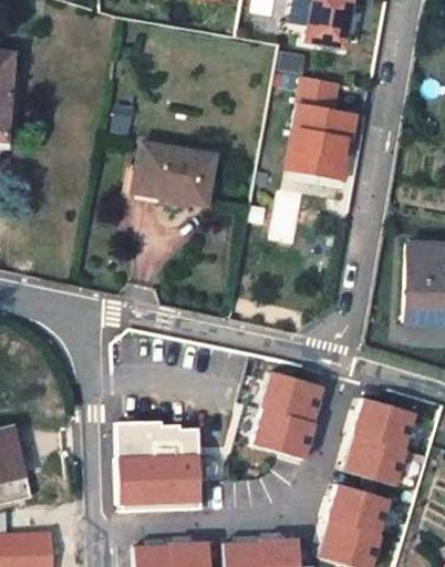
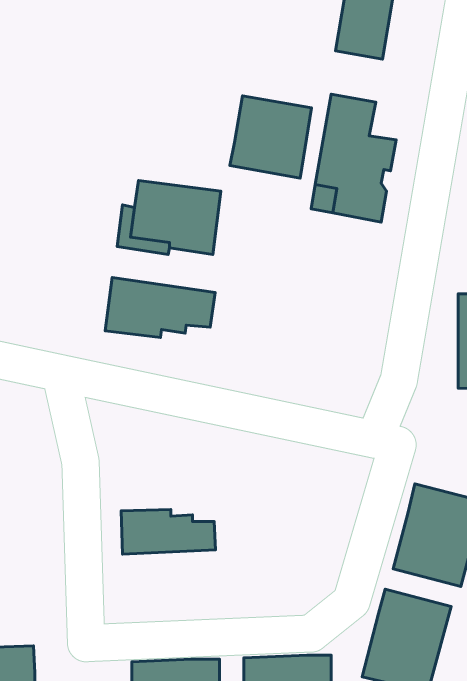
building: none -> [230,96,311,178]
building: none -> [105,278,215,338]
building: [258,372,332,457] -> none
building: [127,453,205,503] -> none

